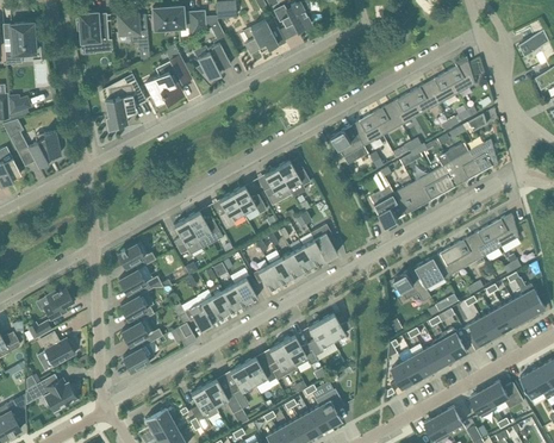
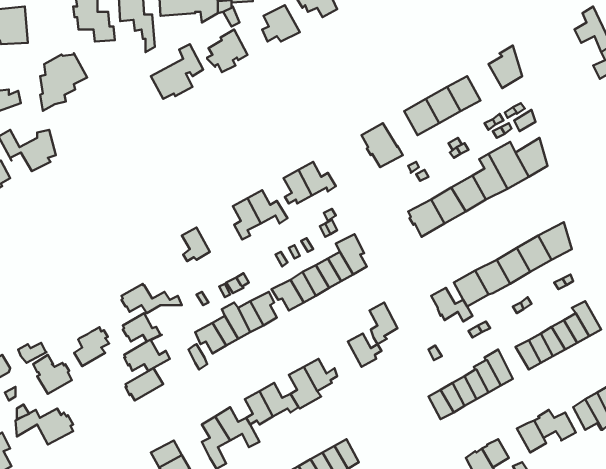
building: [427,73,457,105] -> none
building: [105,80,147,131] -> [40,53,87,111]
building: [351,114,382,146] -> none
building: [186,211,223,248] -> none
building: [118,241,156,268] -> none
building: [43,286,74,320] -> [74,327,109,366]
building: [307,319,332,356] -> [369,303,398,344]
building: [316,388,344,426] -> none

